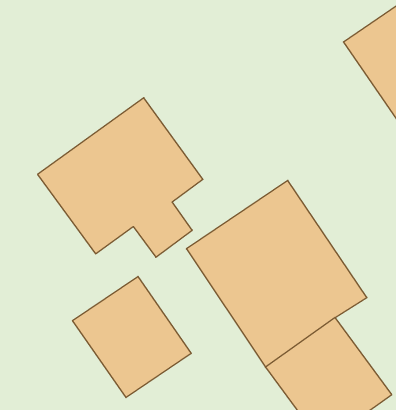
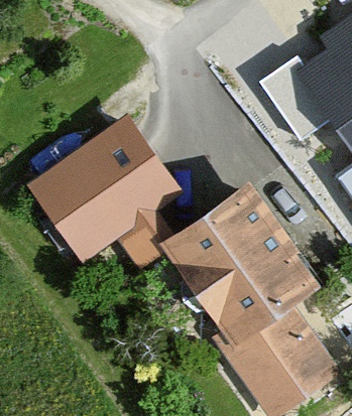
building: [73,276,191,398] -> none

